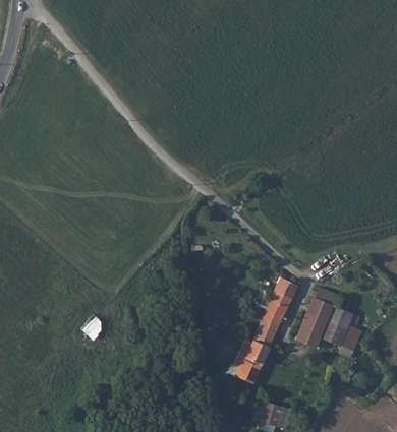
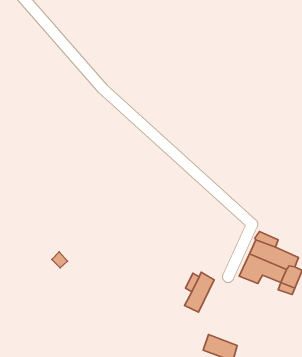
building: [253,277,298,344] -> none

